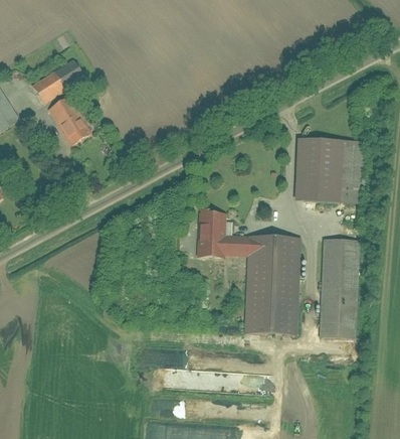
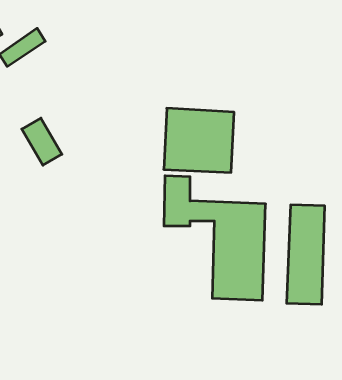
building: [47,93,87,140] -> [22,118,62,165]
building: [288,140,359,204] -> [164,108,234,172]

